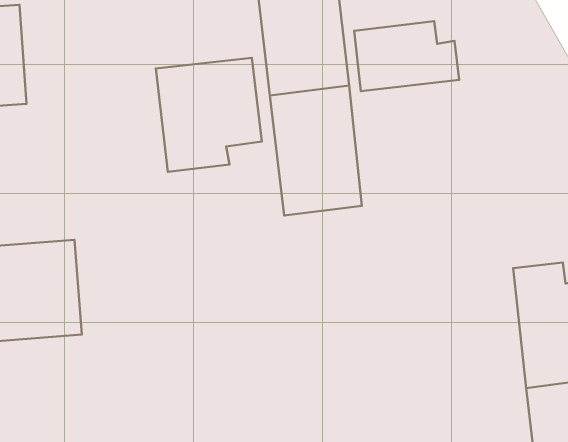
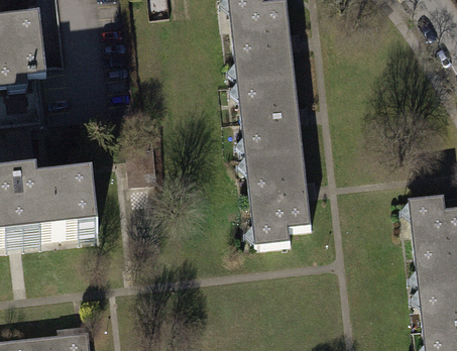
building: [354,21,459,91] -> none
building: [156,58,262,172] -> none
building: none -> [245,153,309,243]

